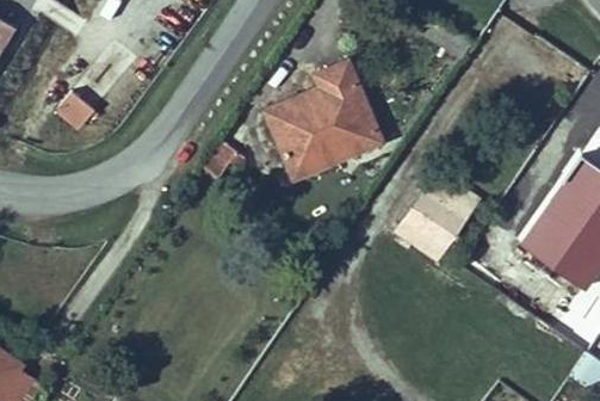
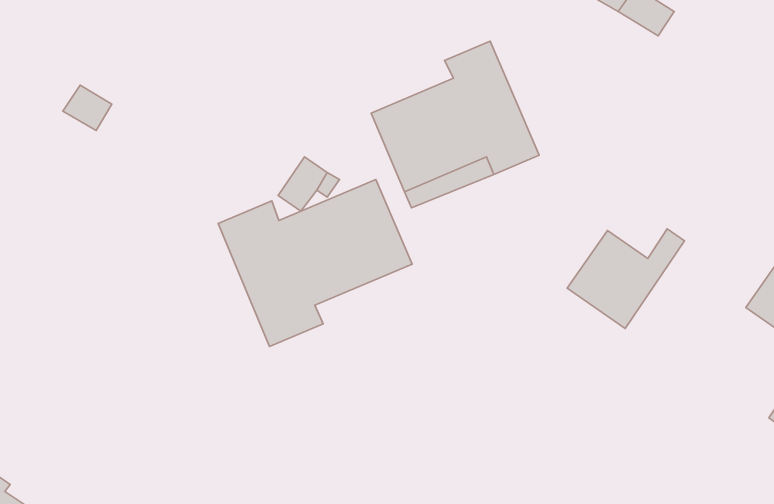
building: none -> [218,179,412,347]

